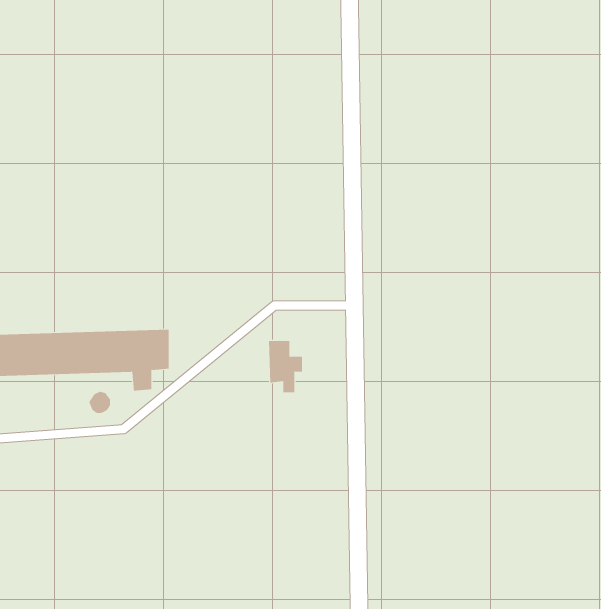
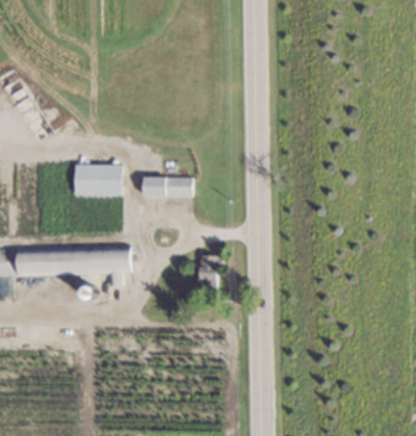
building: none -> [74,165,122,194]
building: none -> [143,176,192,196]

